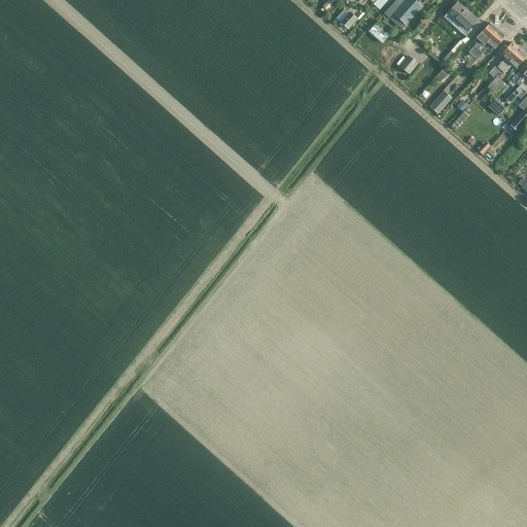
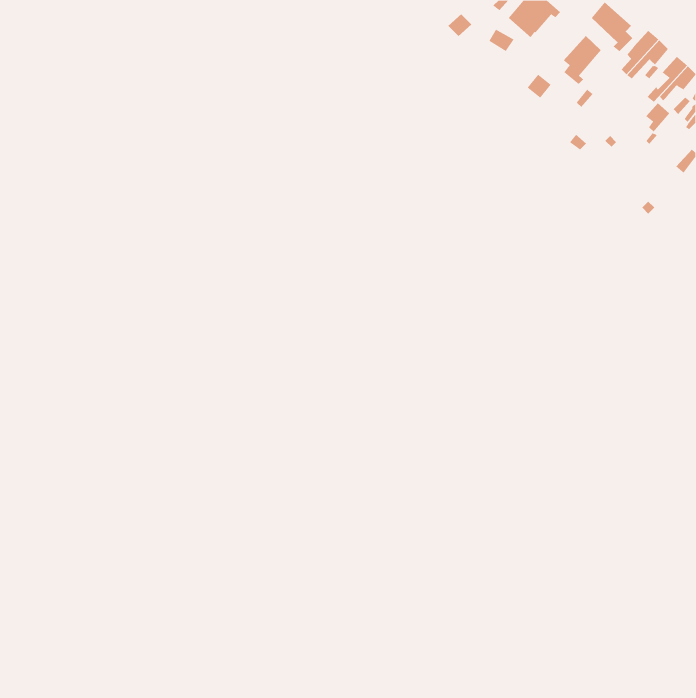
building: none -> [563,35,601,85]

